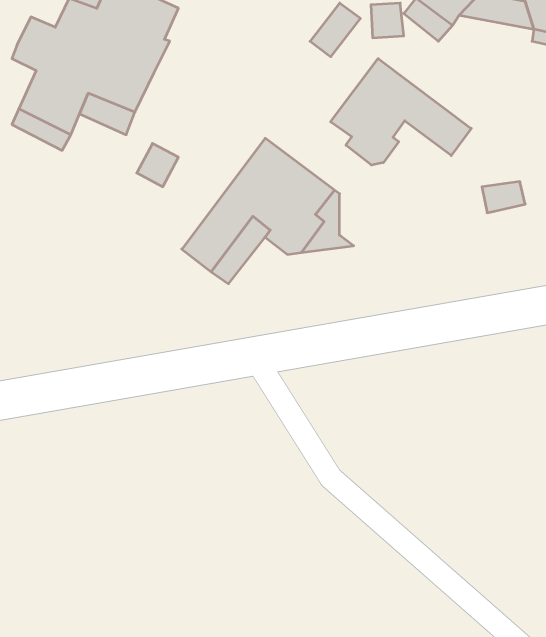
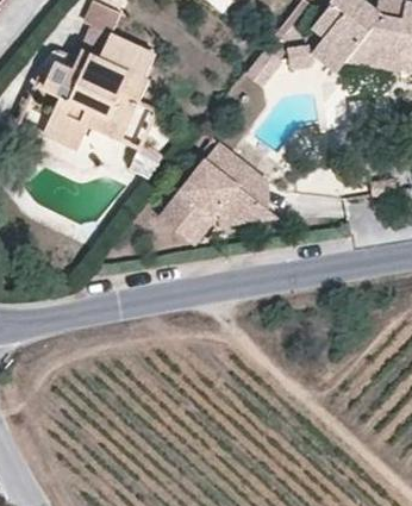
building: [331,59,471,165] -> none

